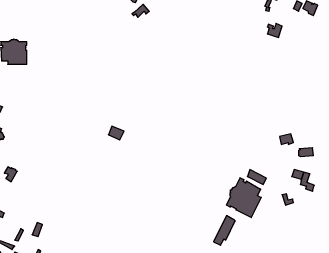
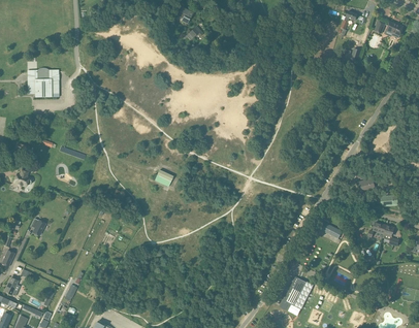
building: [226,178,261,218] -> none

